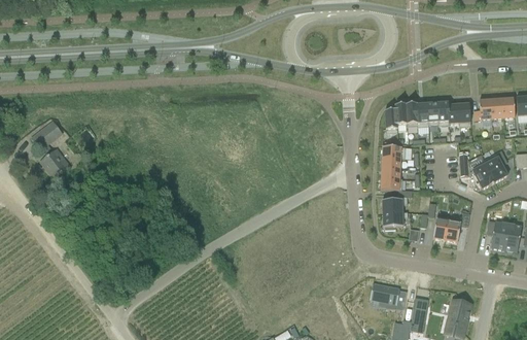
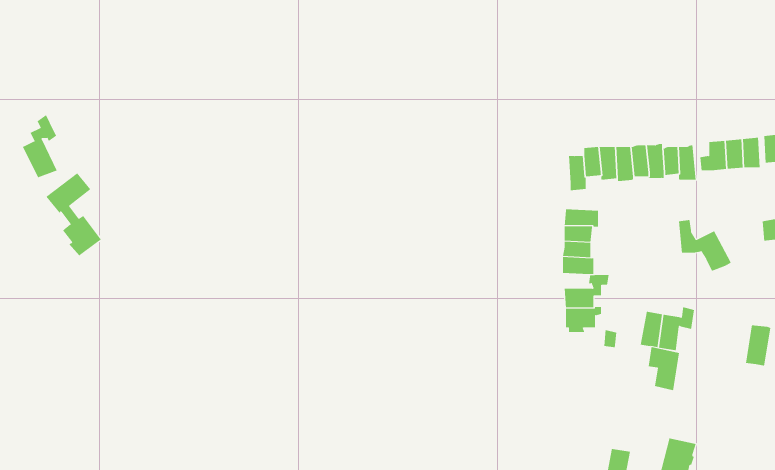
building: none -> [22,114,57,178]
building: [483,149,506,181] -> none
building: [486,219,507,249] -> [648,347,680,391]
building: [368,282,406,308] -> none

